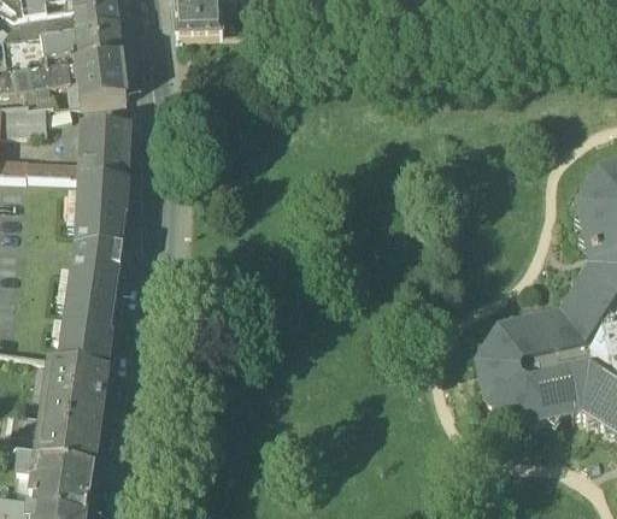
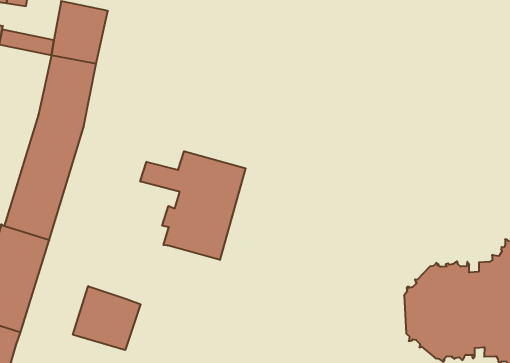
building: none -> [140,151,246,260]
building: none -> [73,286,141,350]

